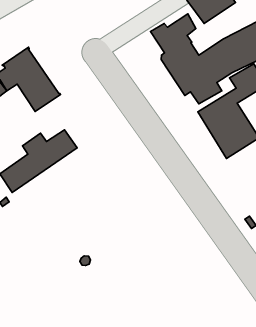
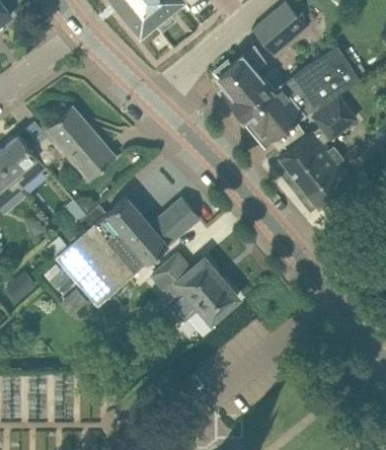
building: none -> [73,198,200,306]
building: none -> [152,253,238,322]

